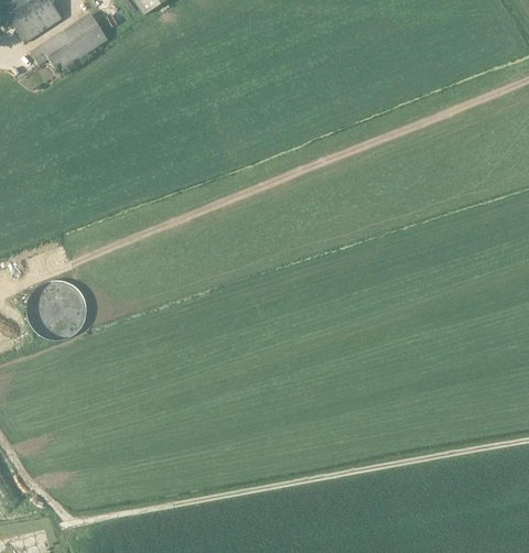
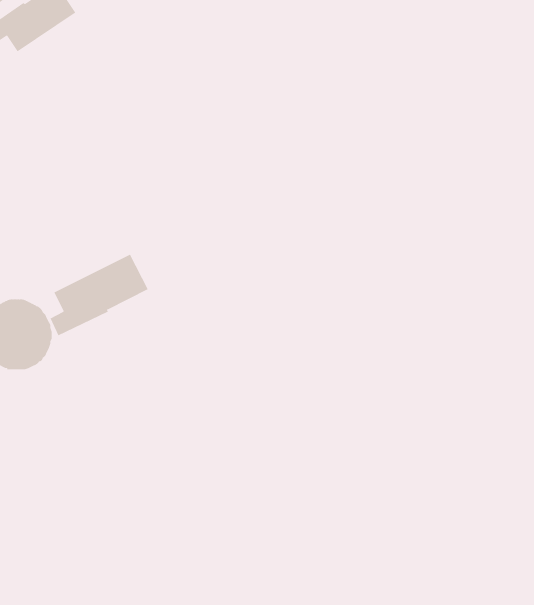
building: none -> [50,254,149,336]

